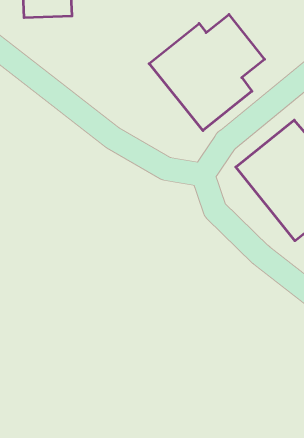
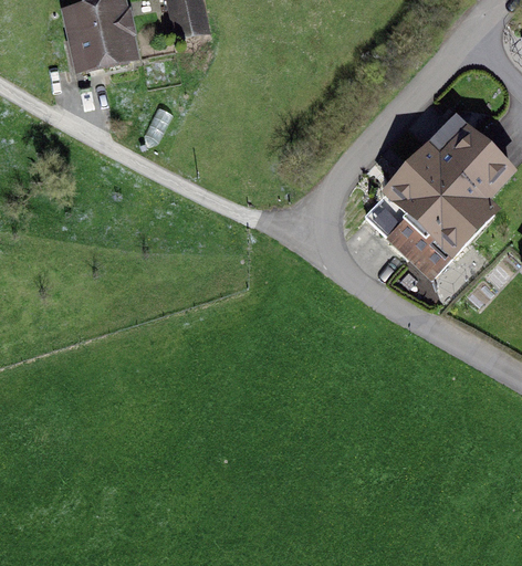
building: [149,14,265,131] -> none

